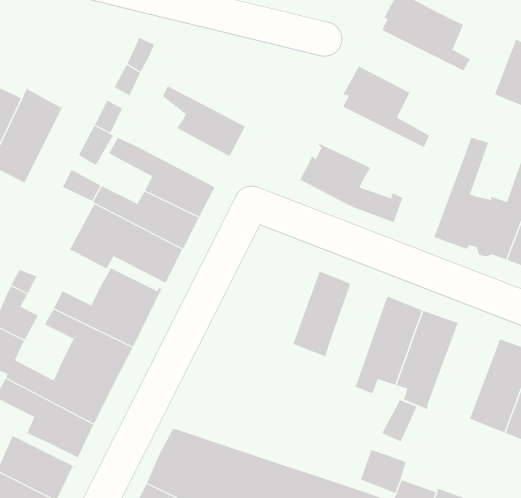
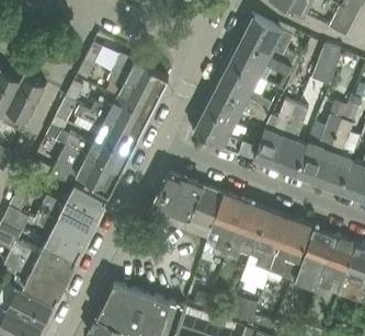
building: none -> [227,39,292,78]
building: none -> [110,60,168,99]
building: none -> [202,86,267,124]
building: none -> [91,100,148,136]
building: none -> [252,101,296,166]
building: none -> [147,174,203,232]
building: none -> [207,195,244,258]
building: none -> [270,219,310,280]

